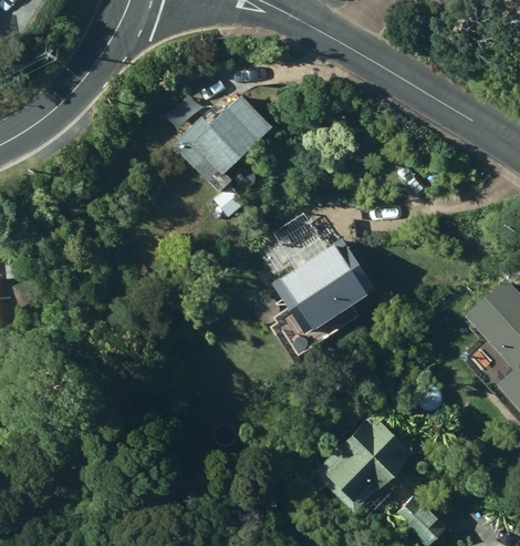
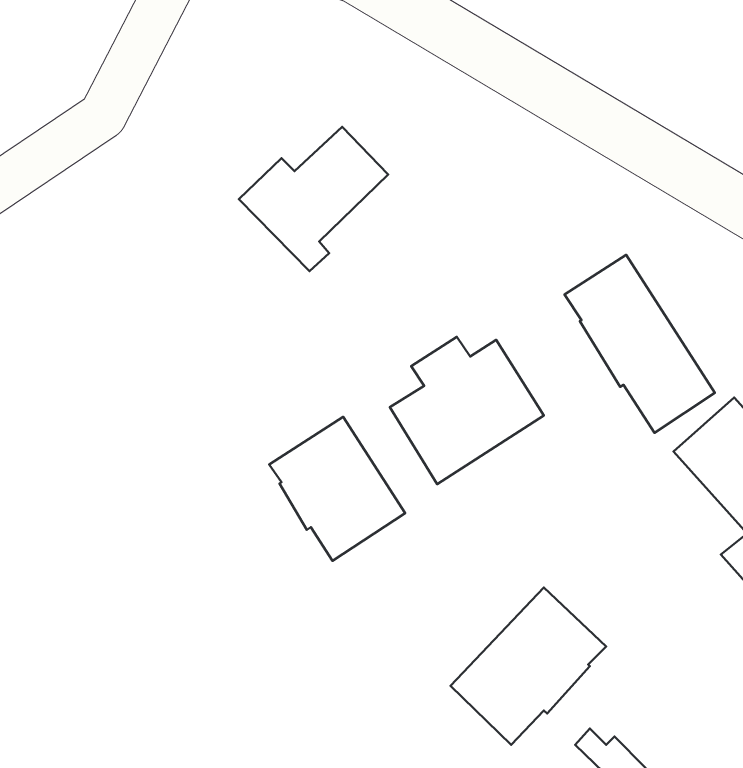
building: none -> [564,255,715,433]
building: none -> [269,417,405,561]

